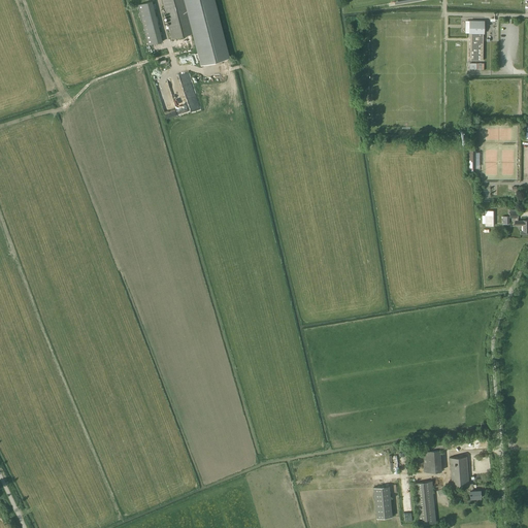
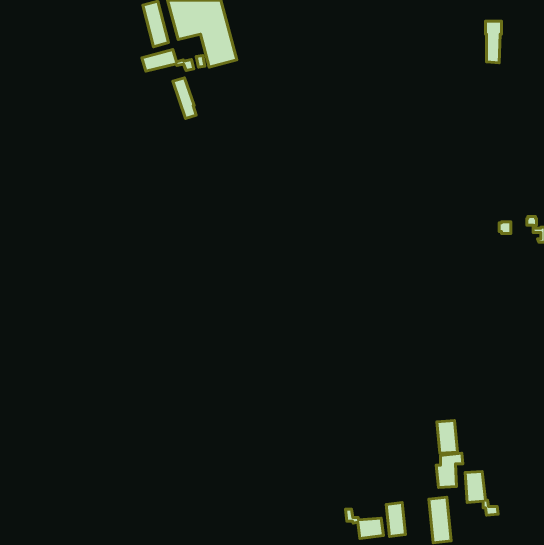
building: none -> [142,49,194,71]
building: none -> [437,421,458,453]
building: none -> [346,509,383,538]

